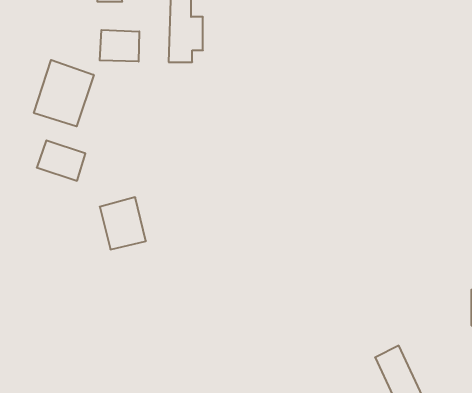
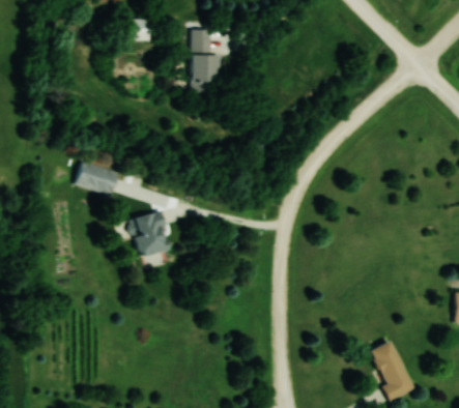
building: [100,30,139,62] -> none
building: [34,60,94,126] -> none

